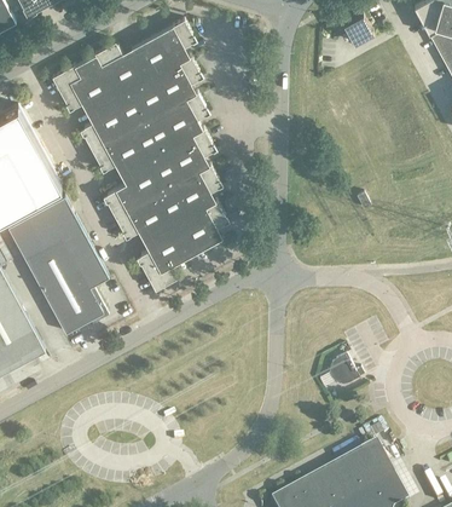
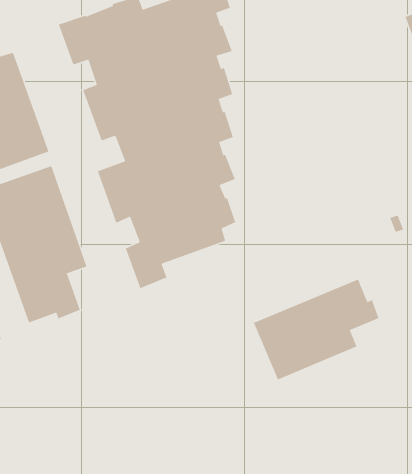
building: none -> [253,279,380,380]
building: [330,352,364,382] -> none

